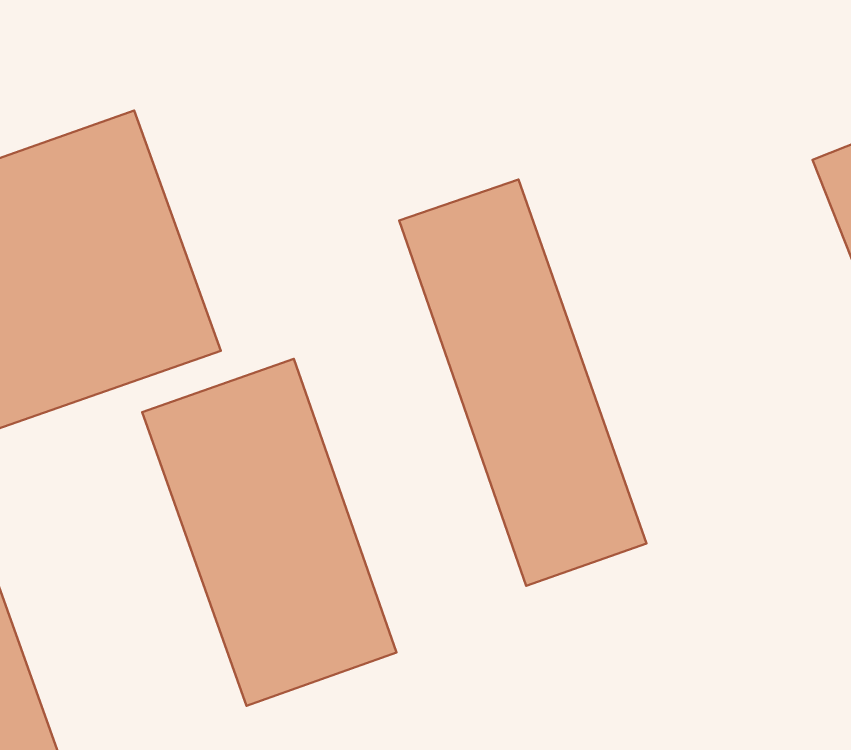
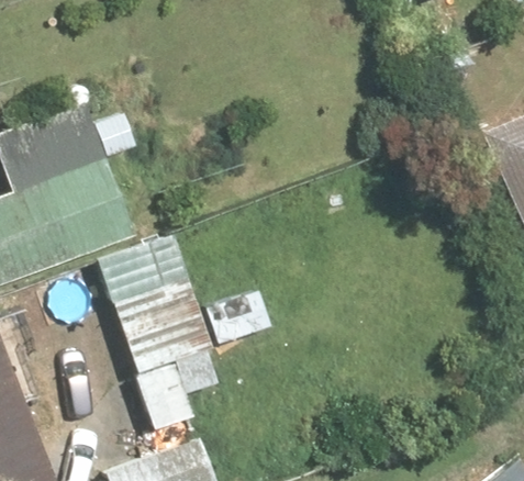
building: [399,180,646,586] -> none

